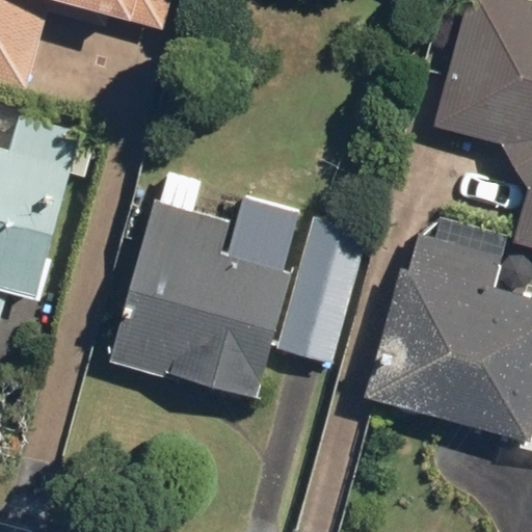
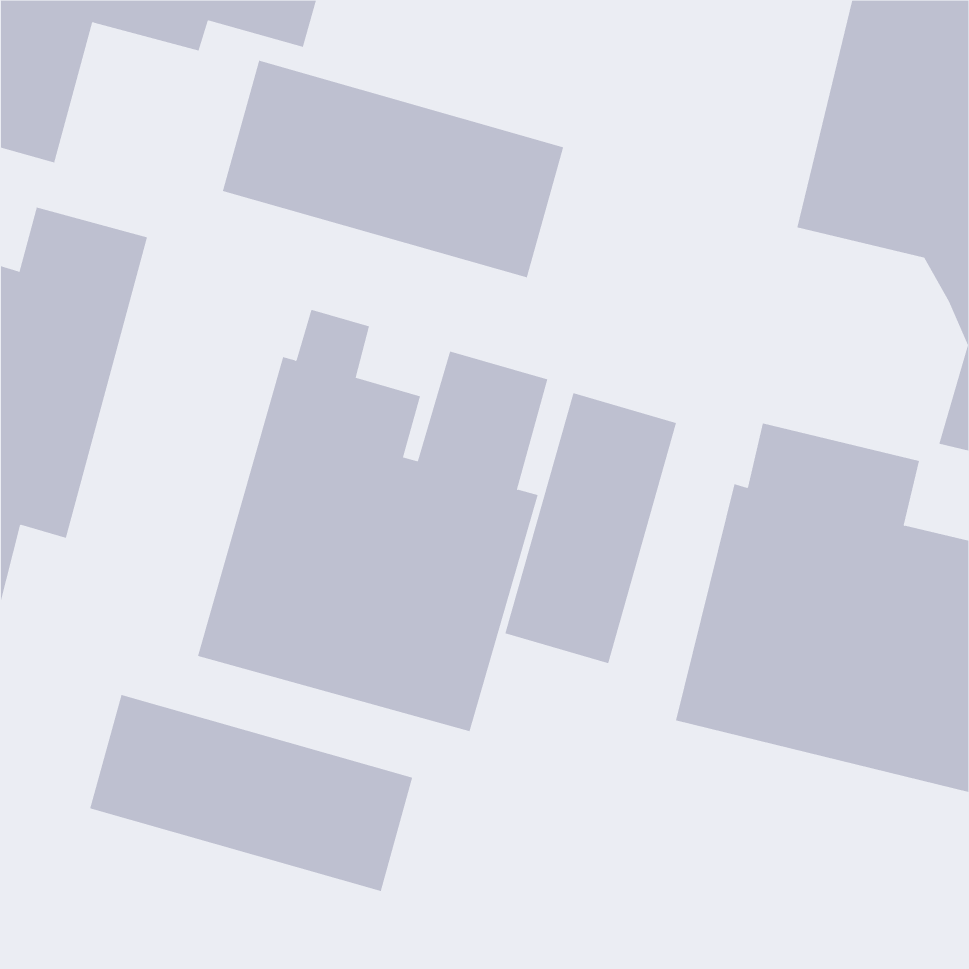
building: none -> [222,60,564,278]
building: none -> [90,694,413,892]

